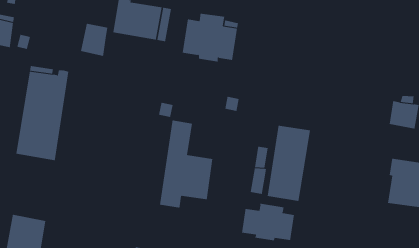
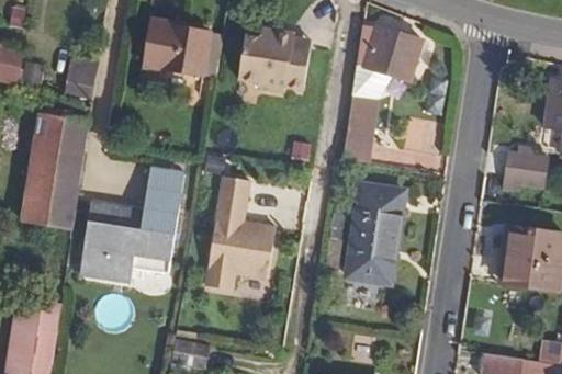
building: none -> [342,26,420,159]
building: [80,23,108,56] -> [63,56,99,99]
building: none -> [80,170,183,283]
building: [241,203,295,241] -> none

